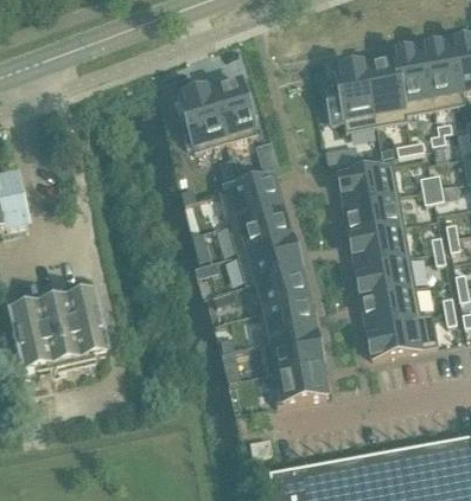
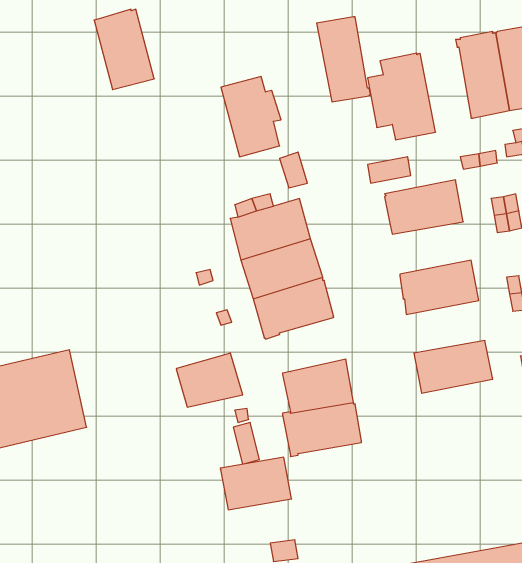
building: [365,58,407,123] -> [317,17,371,102]
building: [180,89,227,150] -> [94,9,154,90]
building: [344,192,405,232] -> none
building: [355,252,415,293] -> none
building: [257,265,308,307] -> [176,353,243,407]
building: [367,309,438,354] -> none
building: [272,361,326,402] -> [220,457,292,510]

